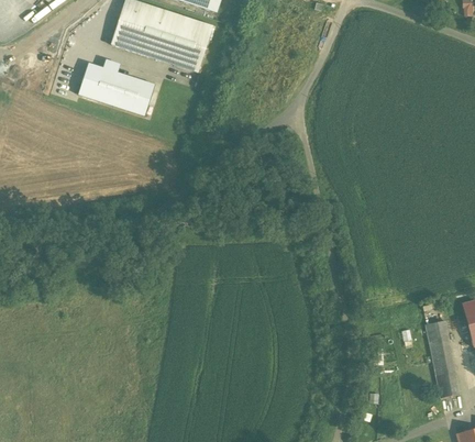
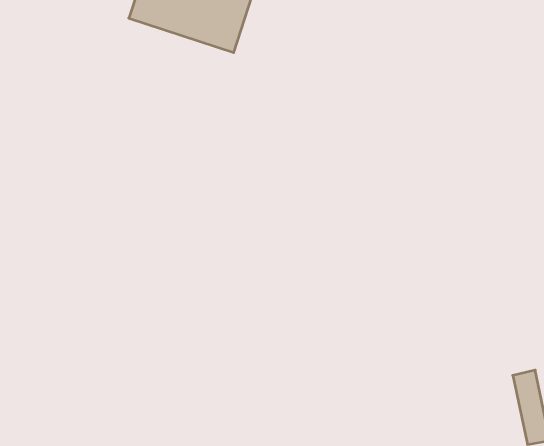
building: [78,58,154,114] -> none

